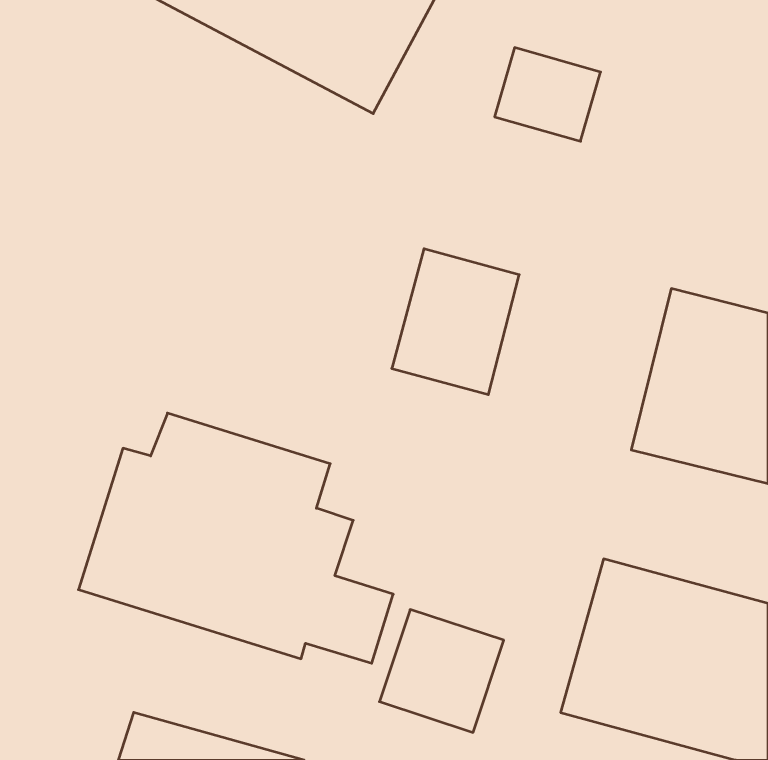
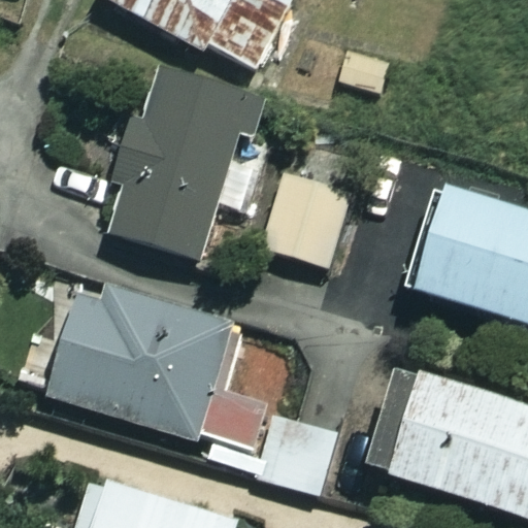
building: none -> [108,67,248,260]

